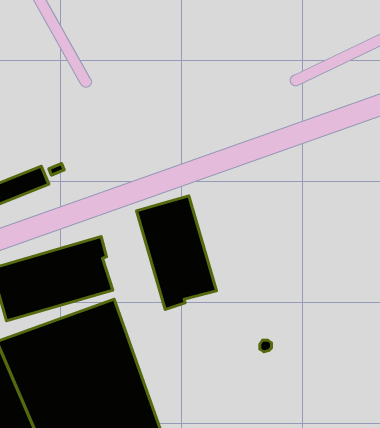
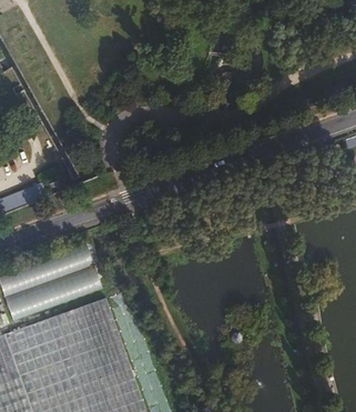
building: [137,196,217,309] -> none

